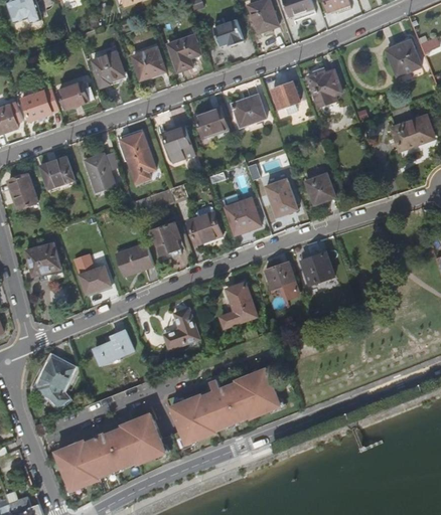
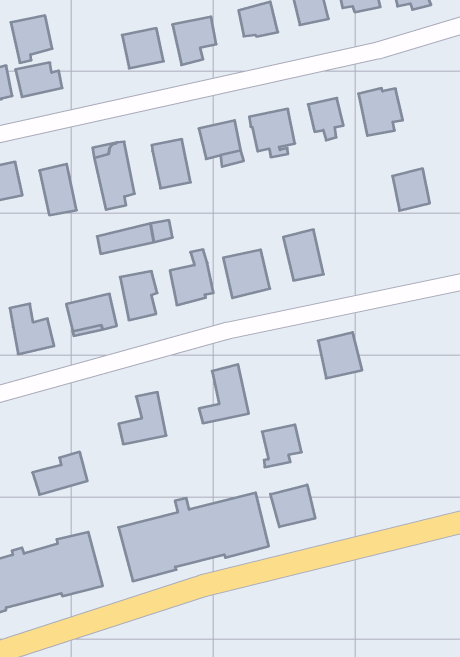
building: [92,51,124,88] -> [11,16,52,63]
building: [306,173,335,205] -> [392,169,430,211]
building: [265,262,295,295] -> [262,425,302,467]
building: [94,330,134,364] -> [32,452,87,495]
building: none -> [270,485,315,527]

